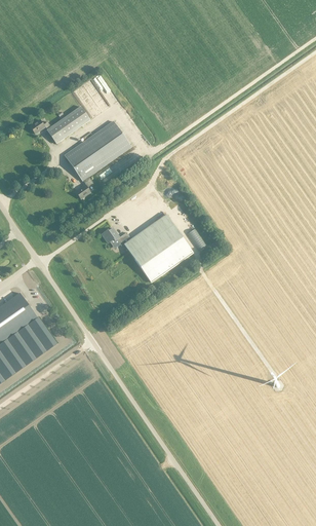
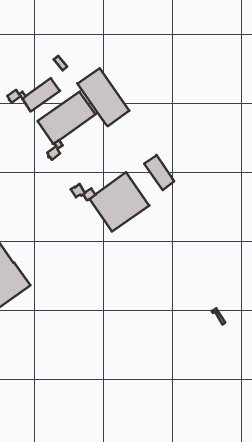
building: none -> [77,68,129,126]
building: none -> [144,155,174,190]

